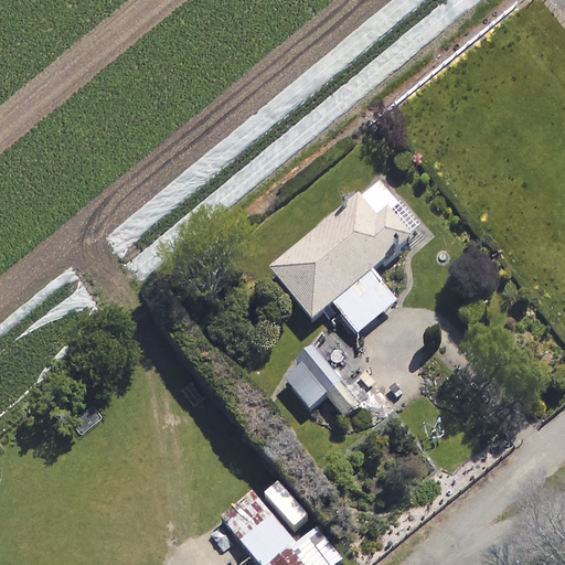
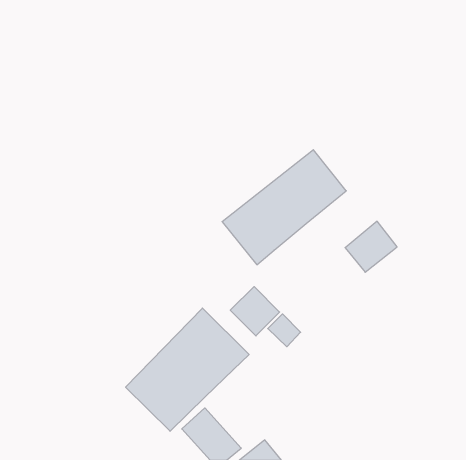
building: [332,270,395,332] -> [345,221,397,272]
building: none -> [126,308,249,431]

